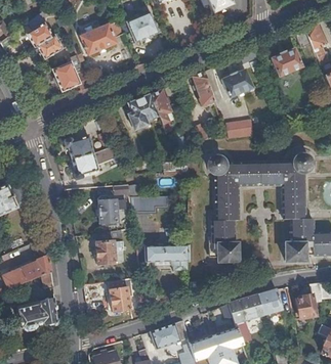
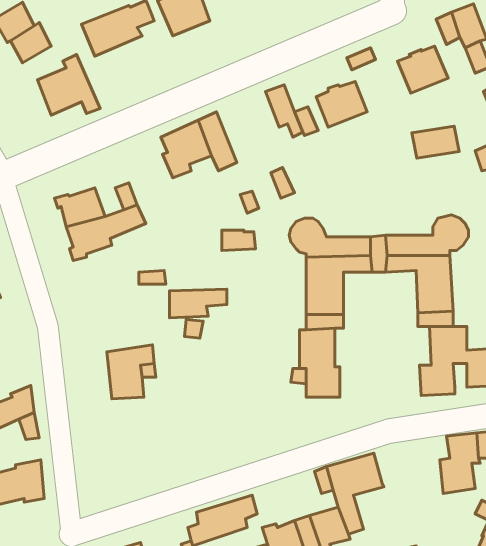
building: [226,118,255,137] -> [412,126,459,158]
building: [98,194,118,222] -> none
building: [146,241,190,261] -> none
building: [110,277,131,310] -> none
building: [257,288,282,315] -> none

